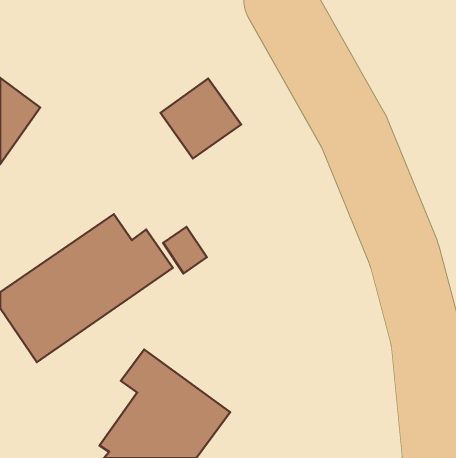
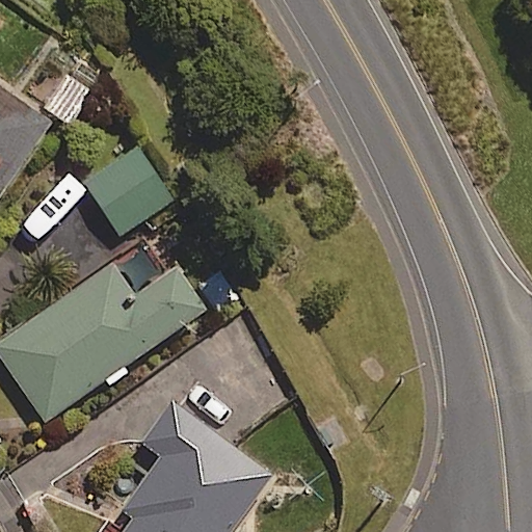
building: [161,79,241,158] -> [82,144,176,237]

